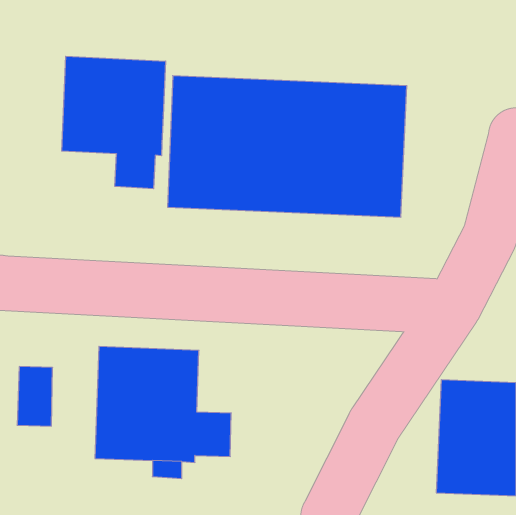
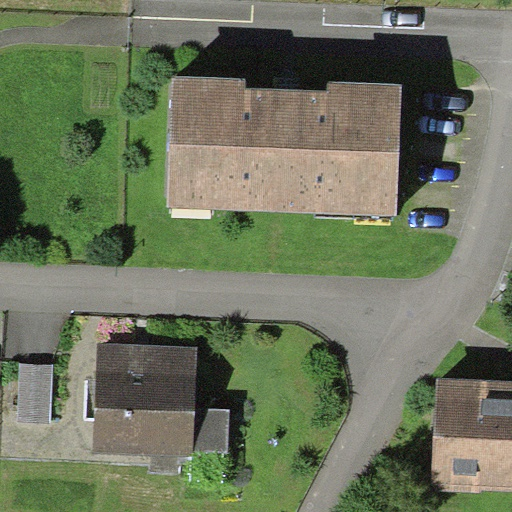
building: [62,56,166,189] -> none

